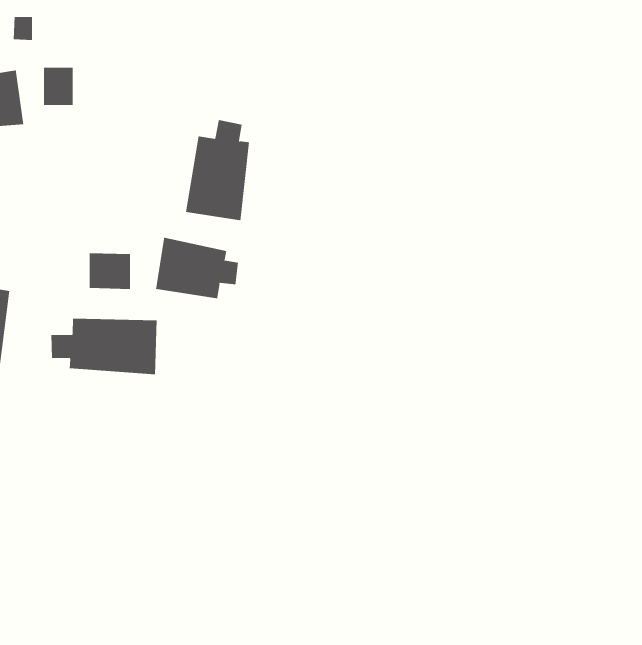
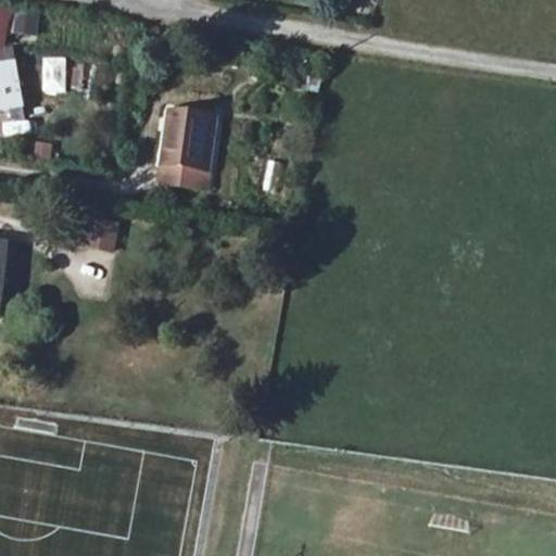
building: [155,237,239,299] -> none
building: [51,318,157,375] -> none

